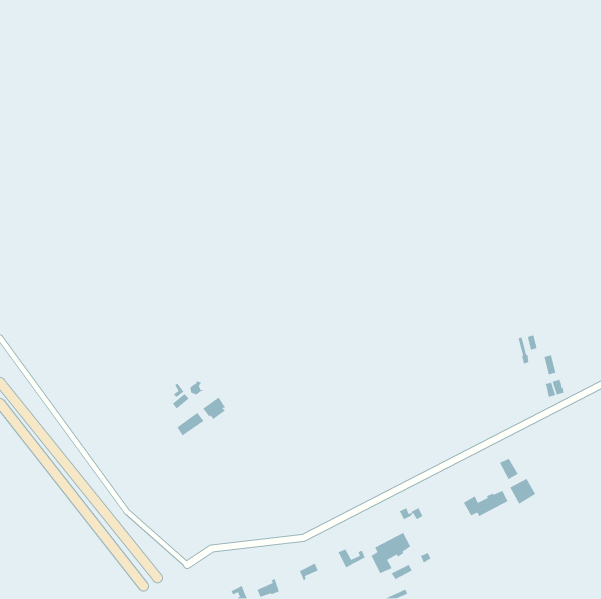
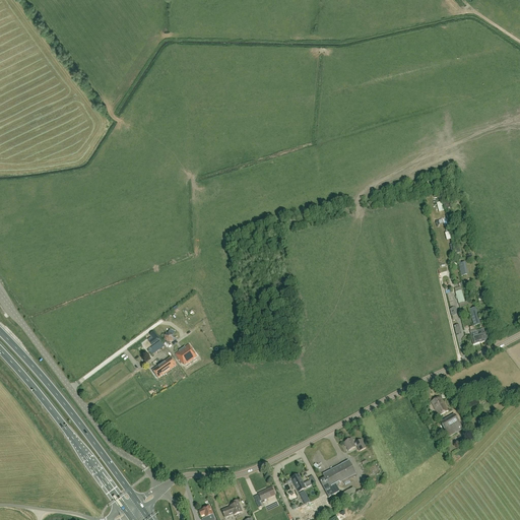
building: [463,490,508,517] -> none

